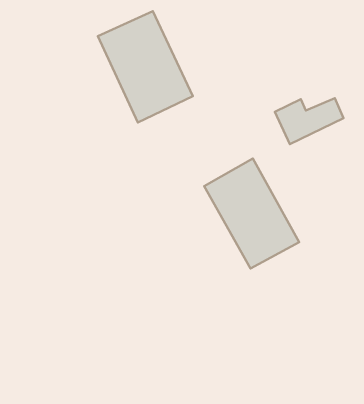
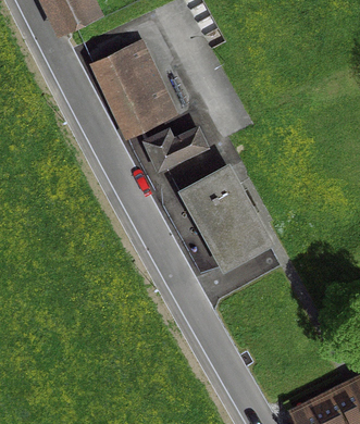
building: [275,98,344,144] -> [146,129,206,170]

